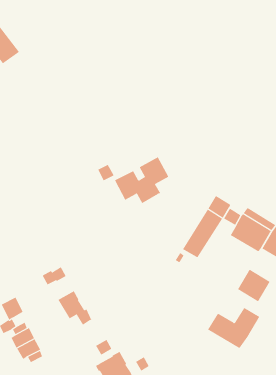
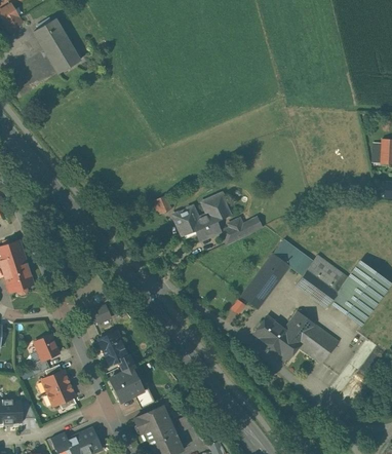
building: none -> [220,215,263,244]
building: [207,307,260,349] -> [253,311,314,357]
building: none -> [109,367,144,401]

